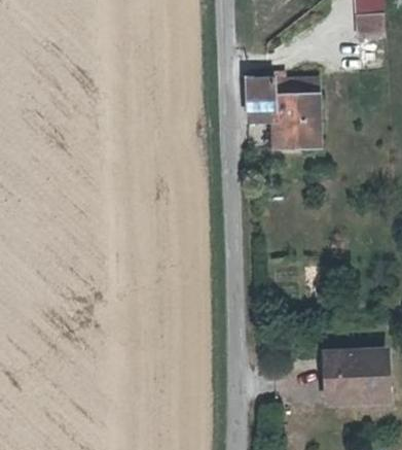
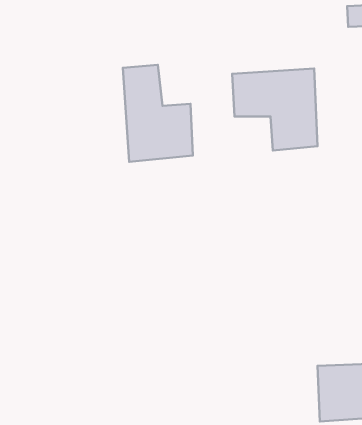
building: none -> [123,65,193,162]

